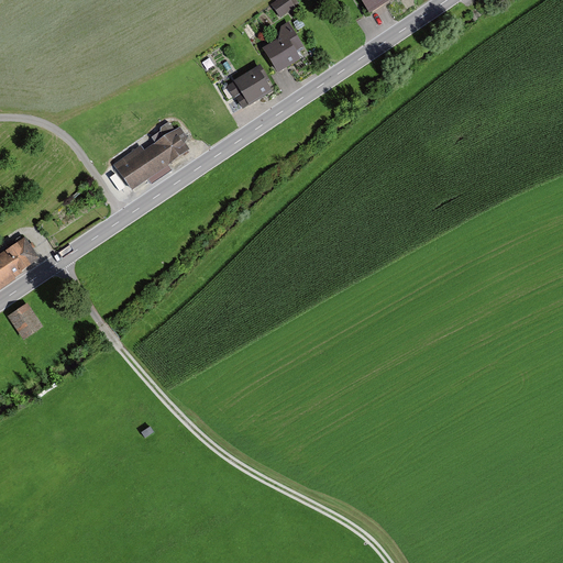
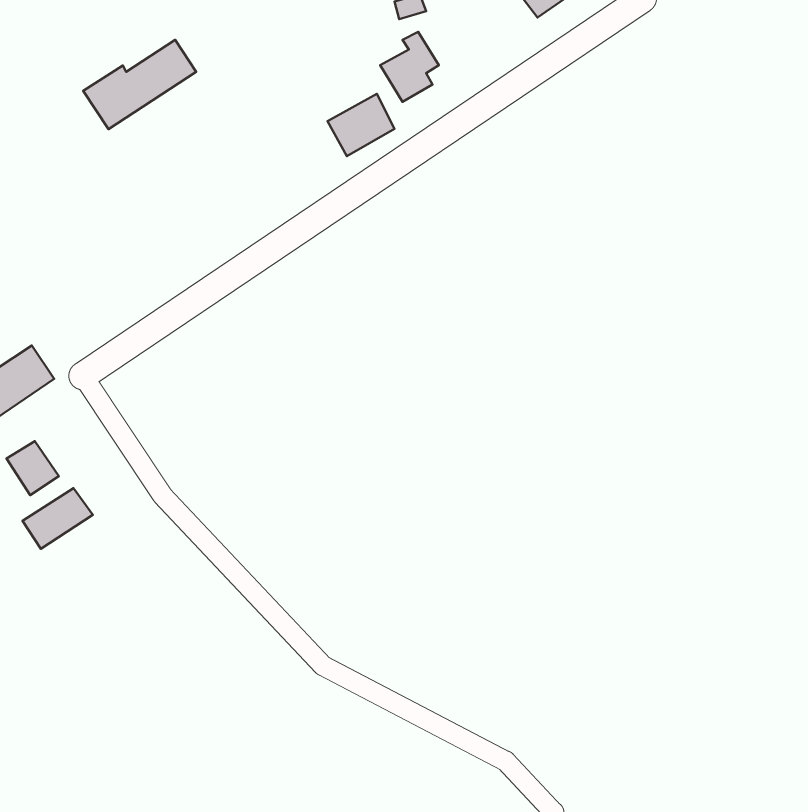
building: [112,128,190,189] -> [83,40,196,129]
building: none -> [22,488,93,549]

